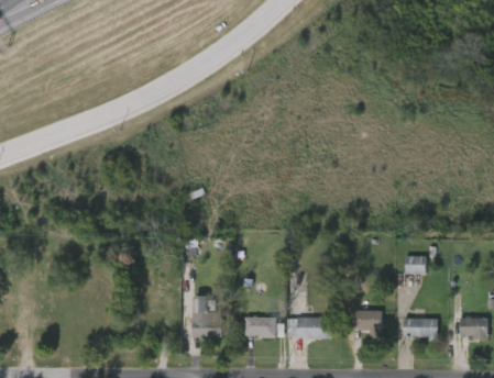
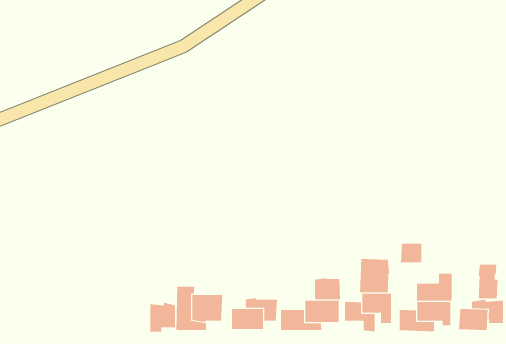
building: none -> [359,258,390,293]
building: none -> [478,264,498,299]
building: none -> [417,273,452,301]
building: none -> [315,277,341,300]
building: none -> [150,302,175,332]

